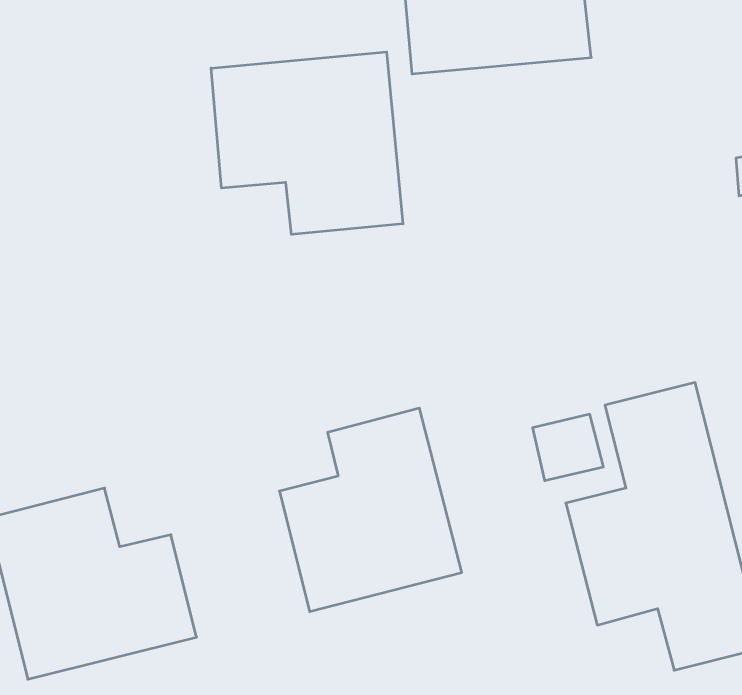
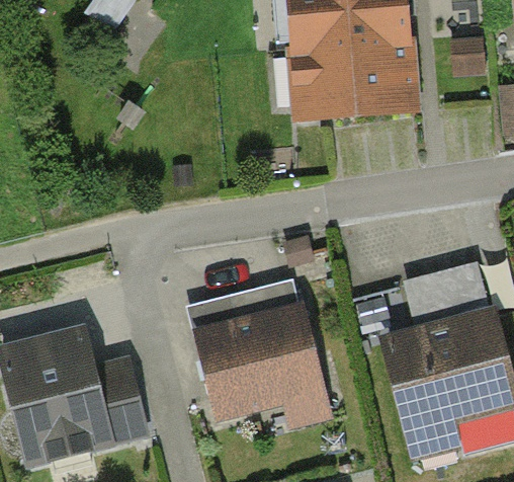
building: [211,52,403,234] -> none
building: none -> [288,43,415,122]

